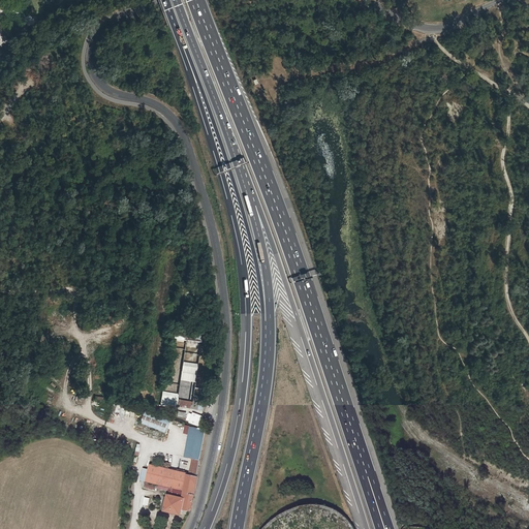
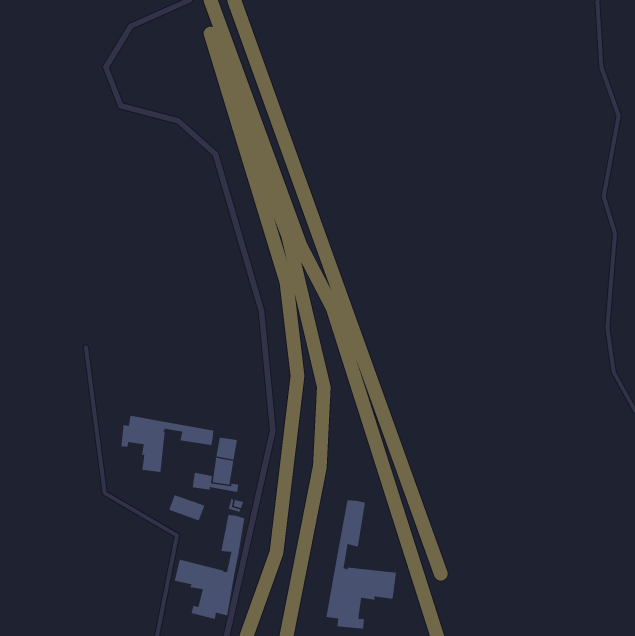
building: none -> [120,415,214,473]
building: none -> [325,499,397,630]

